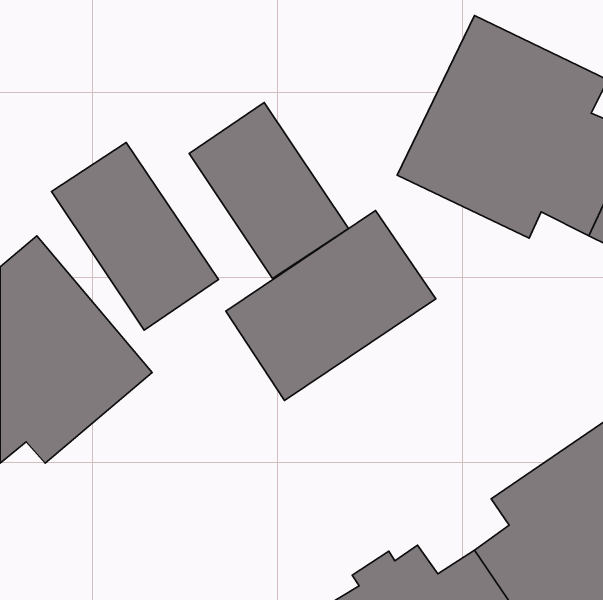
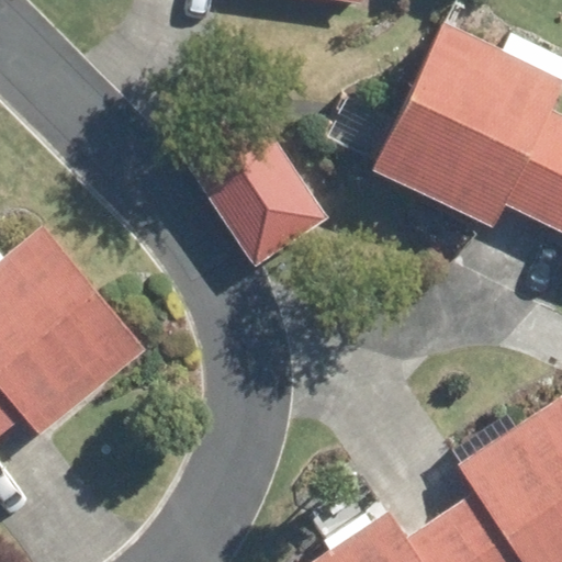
building: [51,142,218,330] -> none
building: [226,210,436,400] -> none

